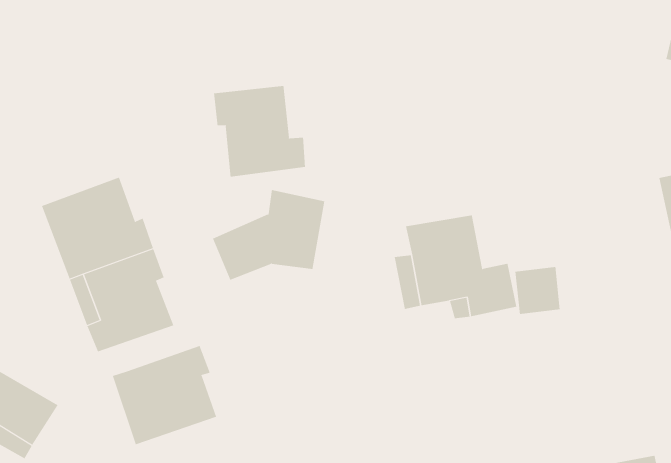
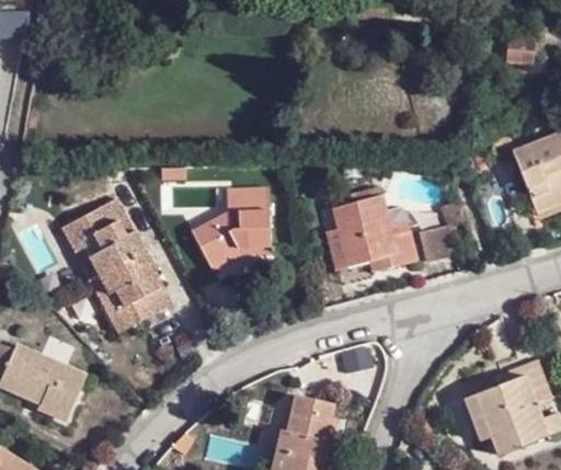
building: [214,85,306,177] -> none
building: [112,345,217,445] -> none

